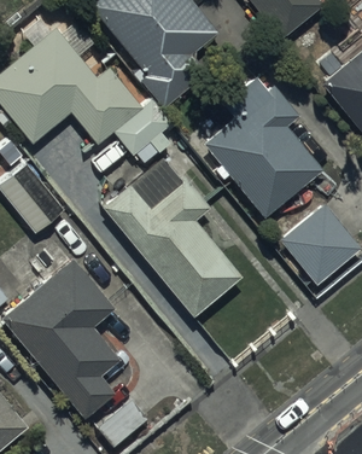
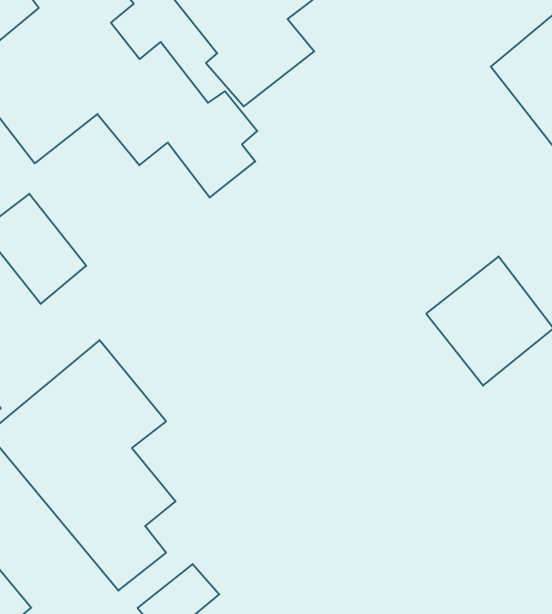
building: [204,75,322,219] -> none
building: [99,153,243,318] -> none

